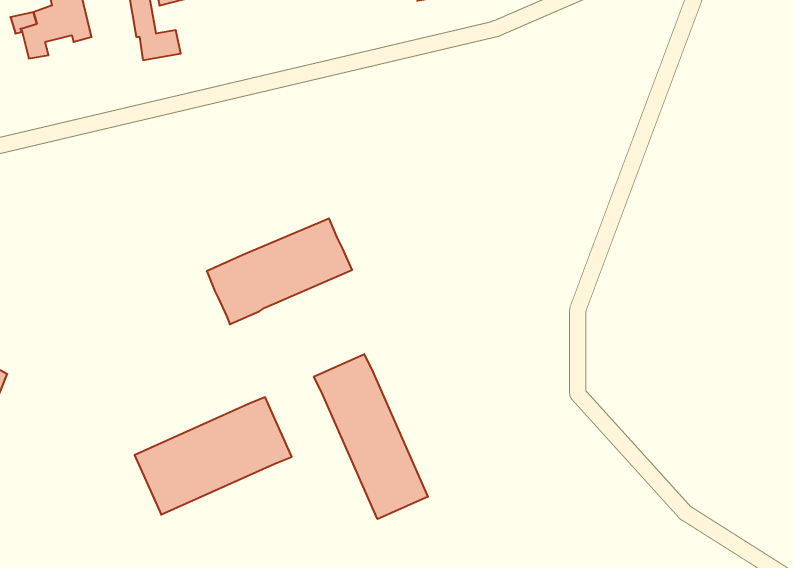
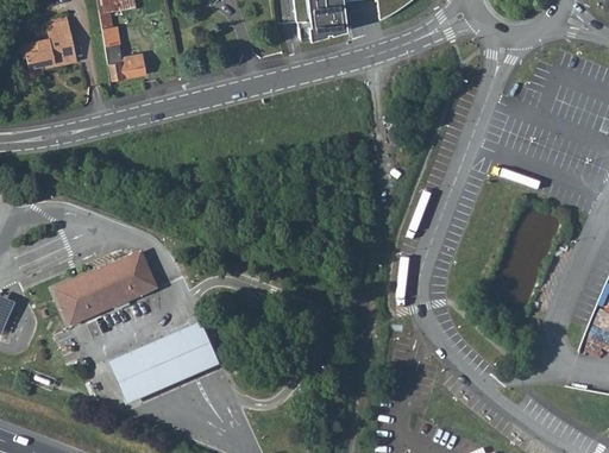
building: [207,218,352,324] -> [54,251,158,327]
building: [314,354,428,519] -> none

